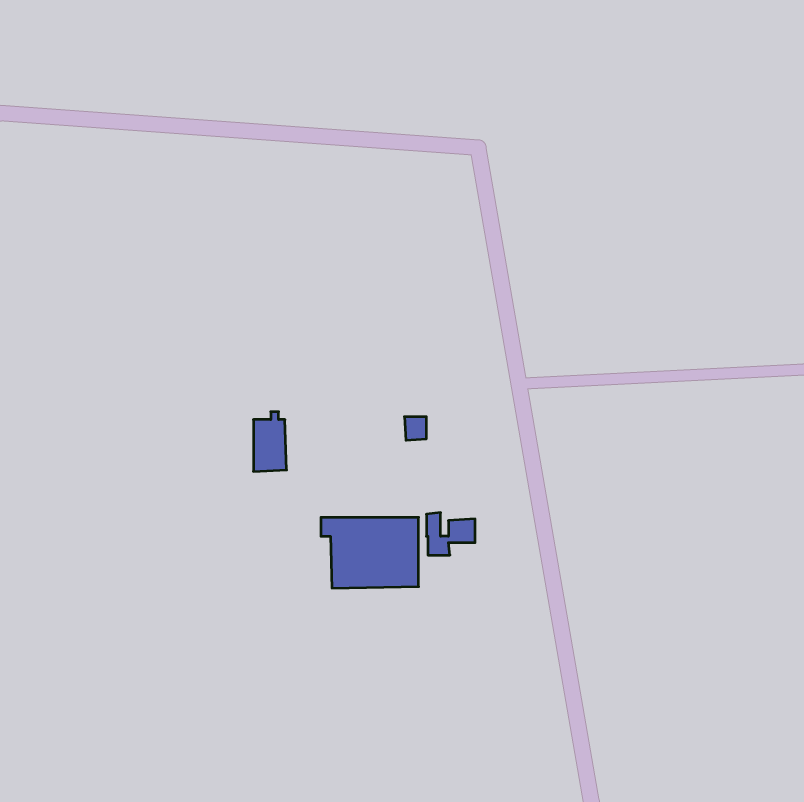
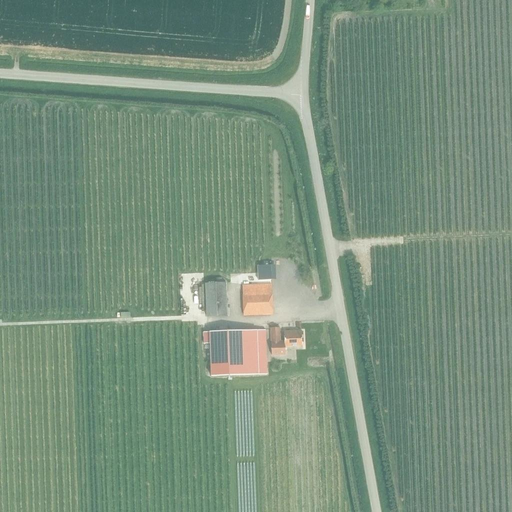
building: [253,412,287,471] -> [206,278,227,316]
building: none -> [242,283,271,314]

